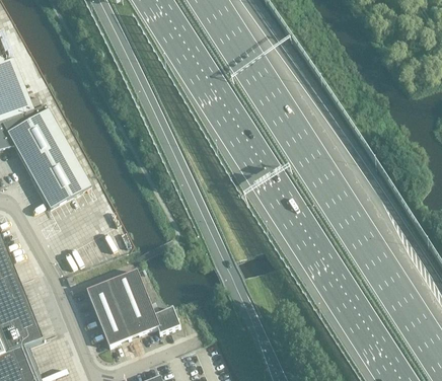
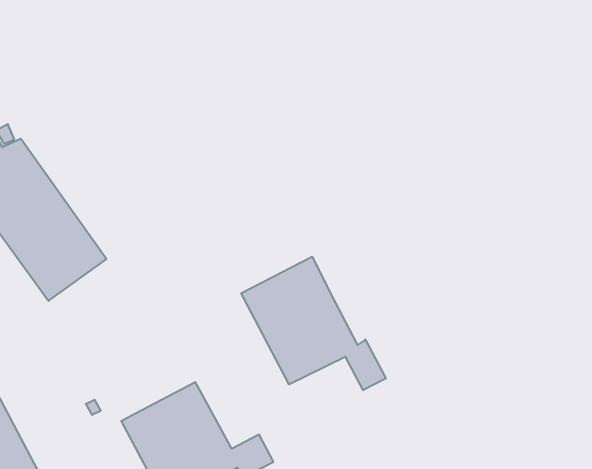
building: none -> [241,257,386,390]

